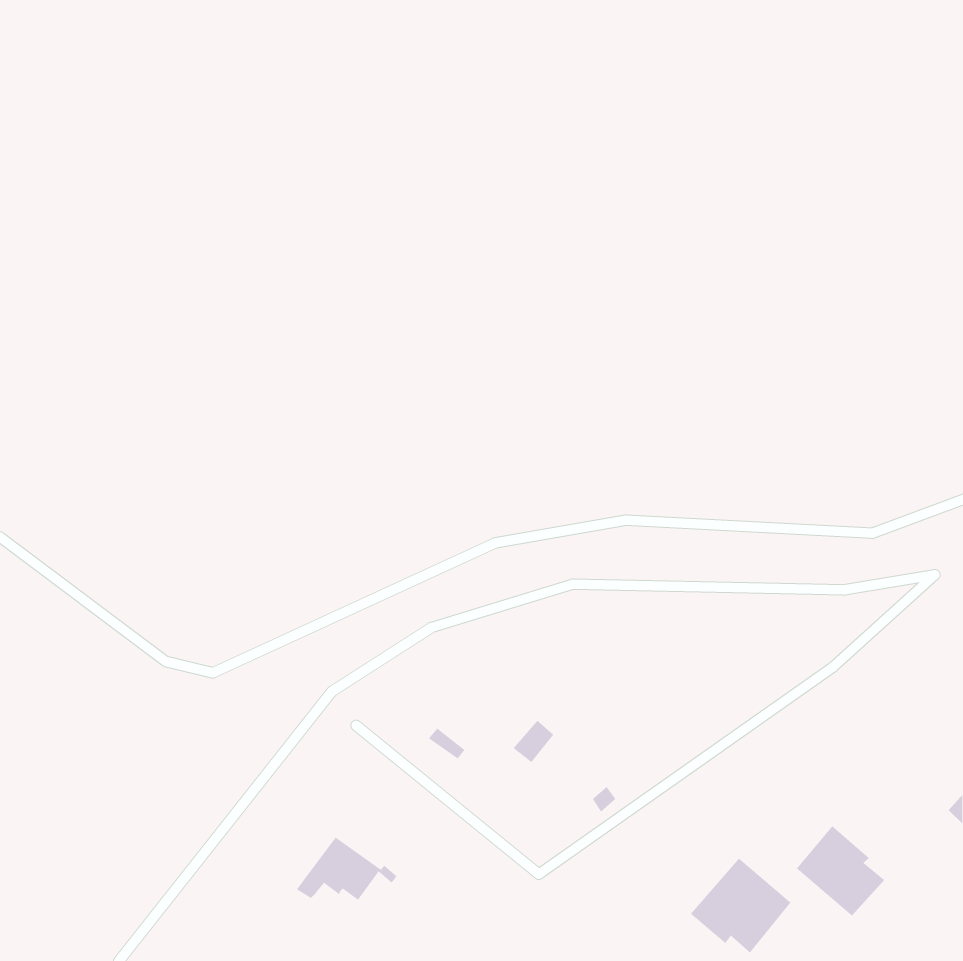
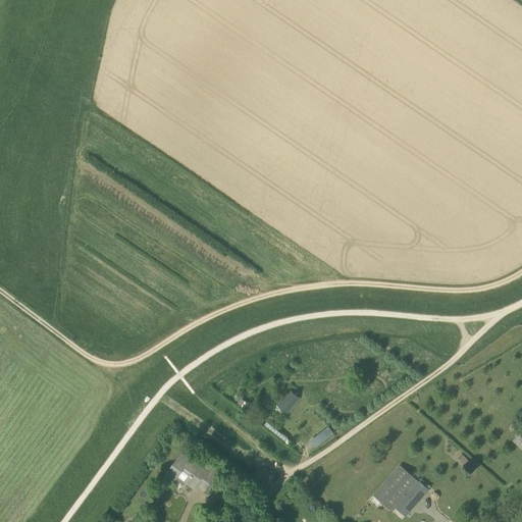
building: [796,825,885,916] -> none

